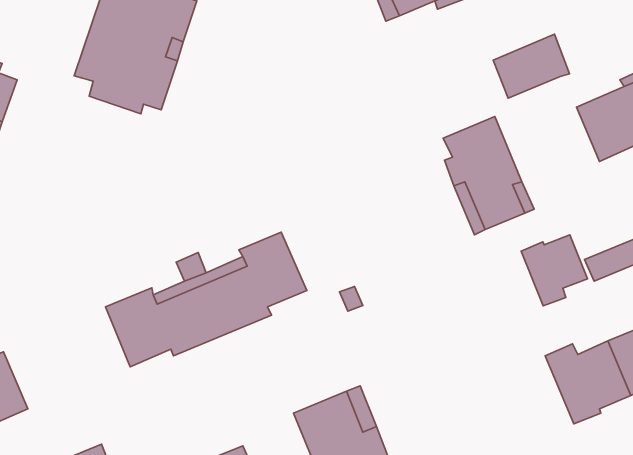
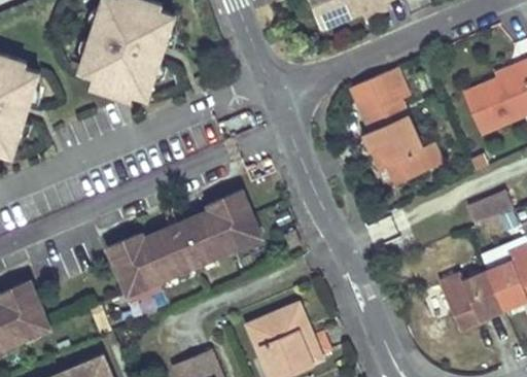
building: [493,34,570,98] -> [351,69,409,117]
building: [521,235,587,306] -> none

